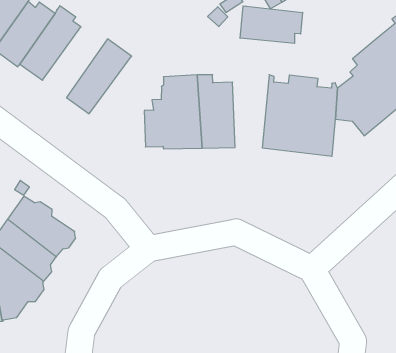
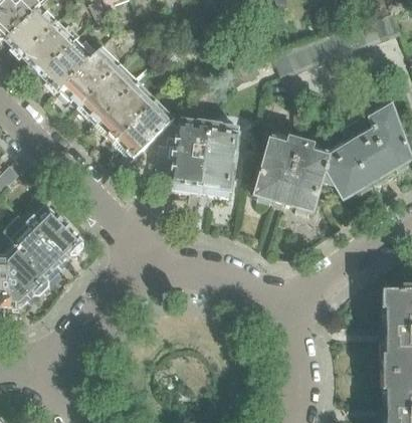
building: [240,6,303,43] -> none
building: none -> [76,63,138,126]
building: none -> [112,99,174,161]

